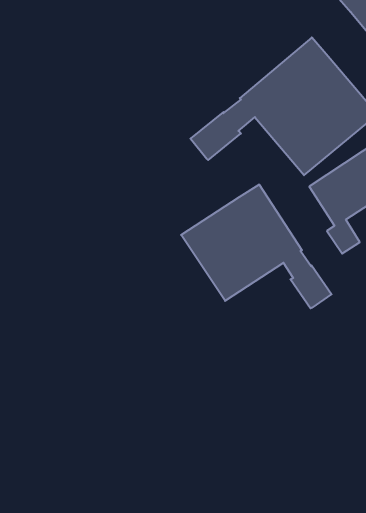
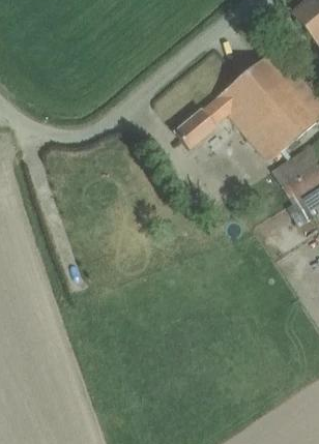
building: [181,184,332,308] -> none

